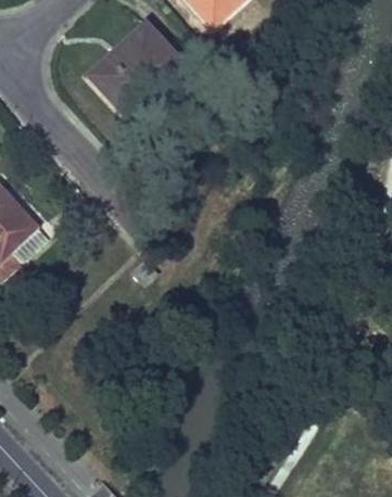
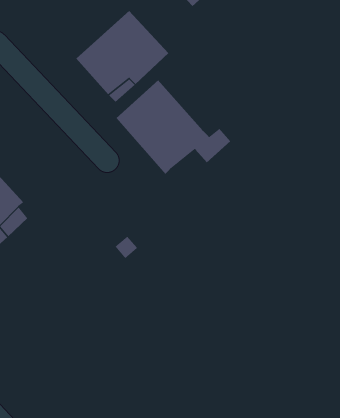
building: none -> [116,79,231,175]

